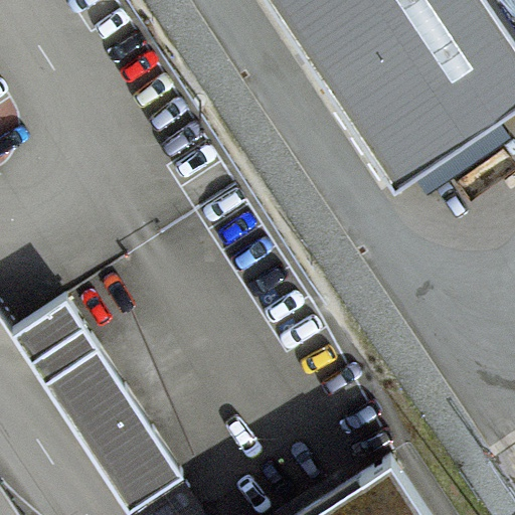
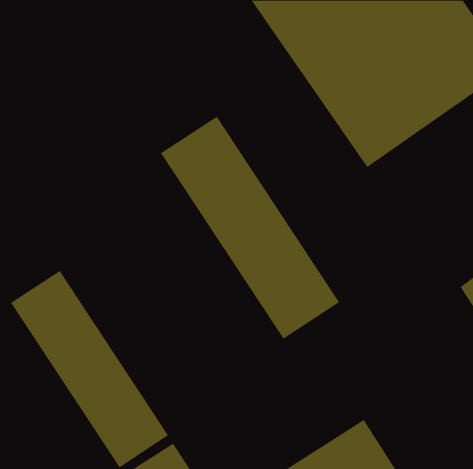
building: none -> [160,116,340,340]

